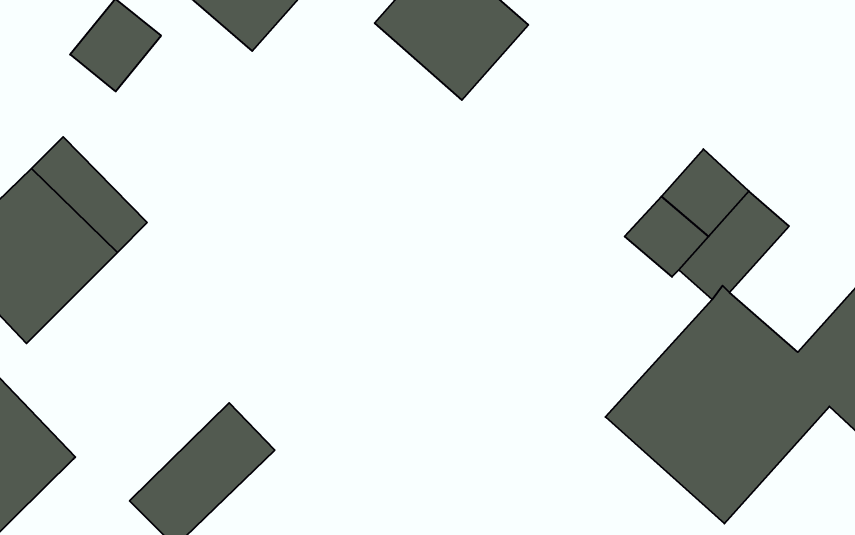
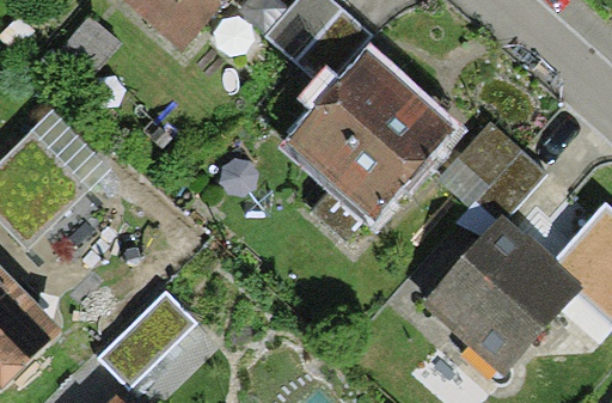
building: none -> [279,47,453,222]

